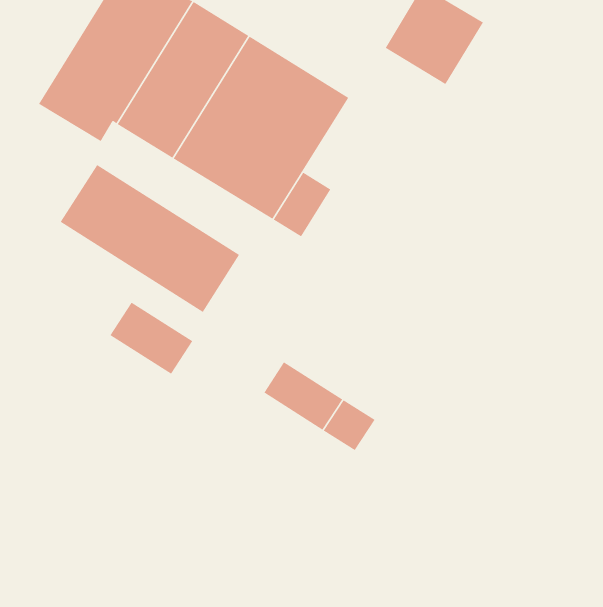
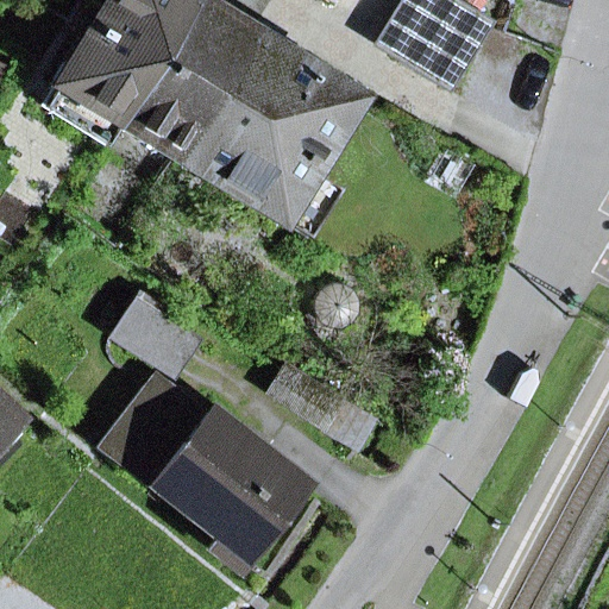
building: [60,164,240,313] -> none
building: none -> [101,384,304,558]

